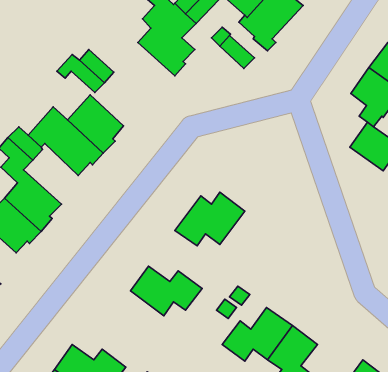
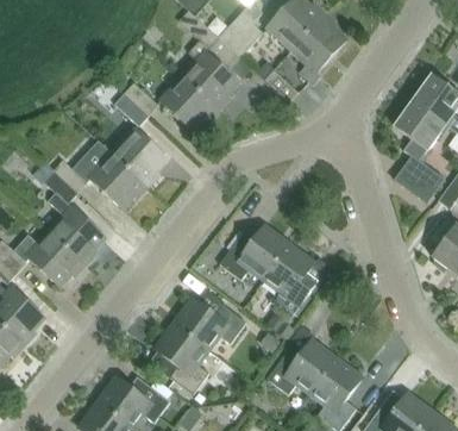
building: none -> [159,75,219,131]
building: none -> [264,244,314,317]
building: none -> [156,324,209,393]

